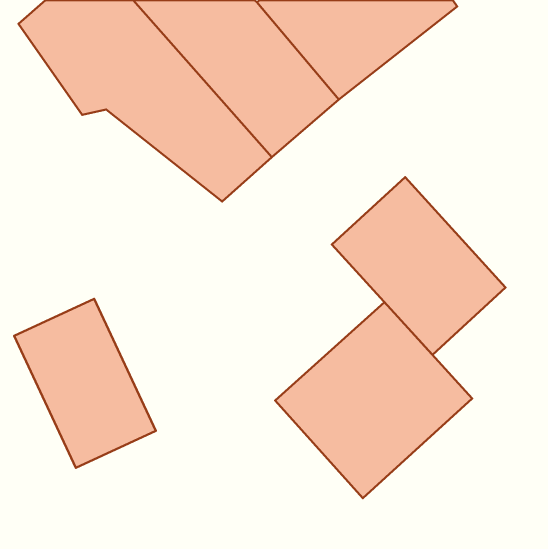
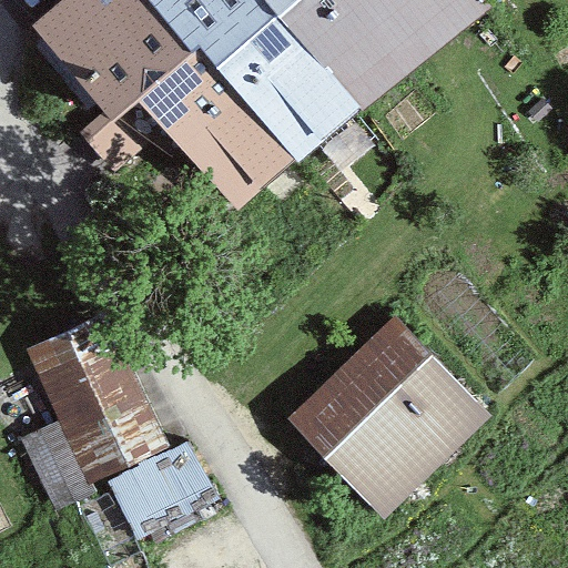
building: [332,177,505,355] -> none
building: none -> [108,442,220,541]

